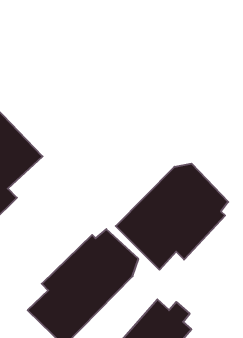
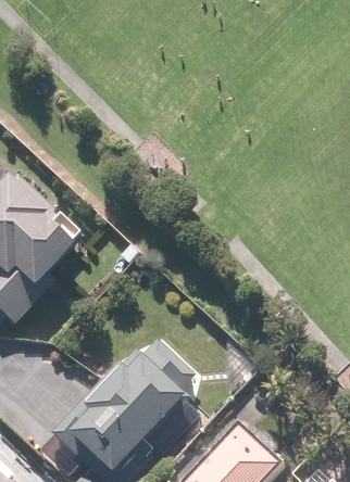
building: [116,164,228,270] -> none

